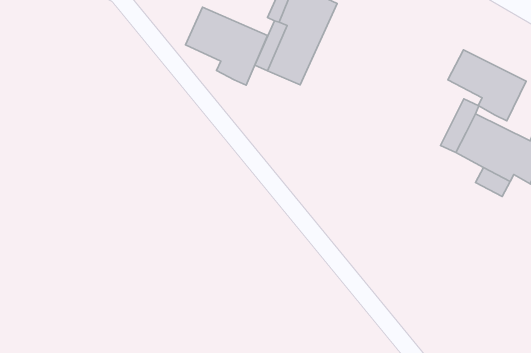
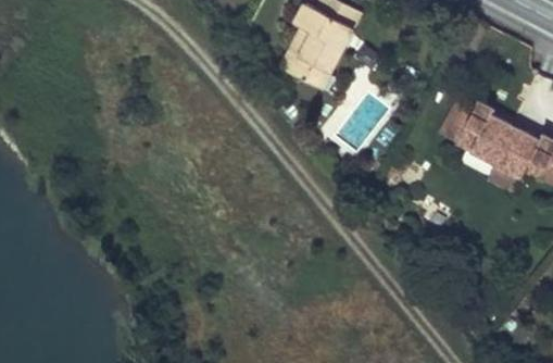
building: [185,7,267,85] -> none
building: [448,50,526,121] -> none

